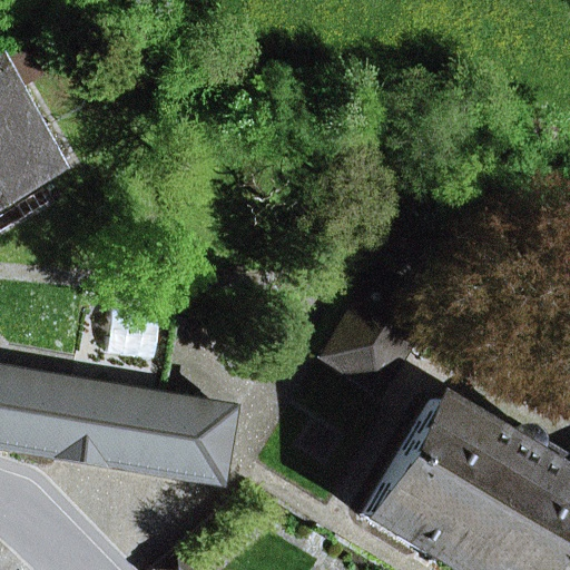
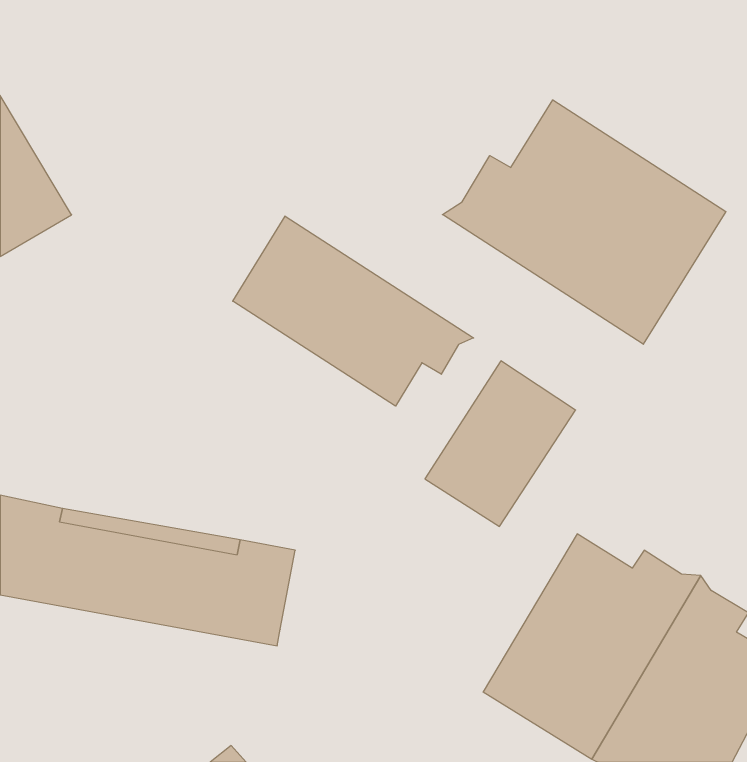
building: none -> [442,100,726,344]
building: none -> [233,216,474,406]

